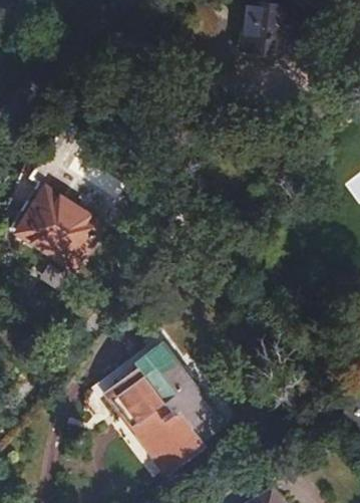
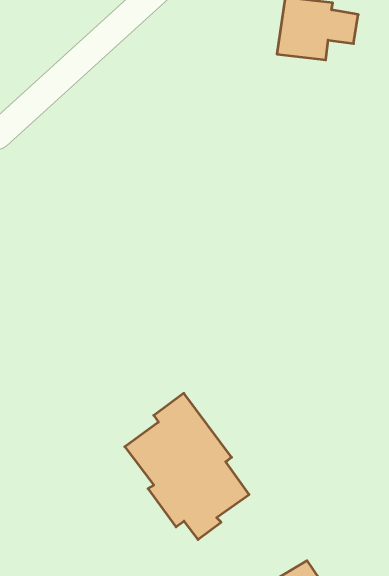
building: [13,189,99,270] -> none

